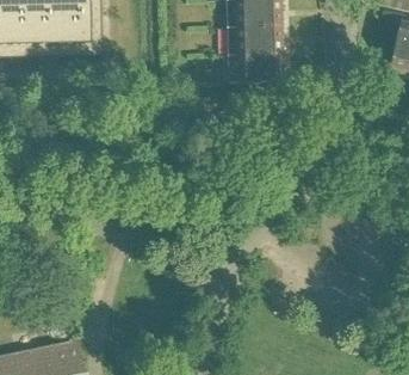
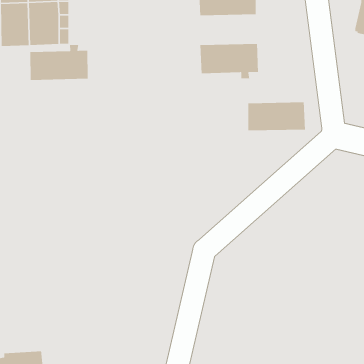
building: [228,25,284,54] -> [247,102,306,131]
building: none -> [29,44,89,81]

